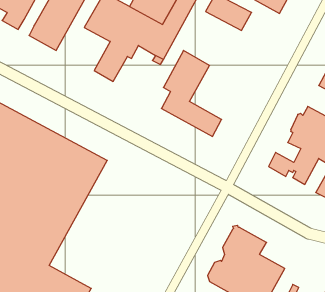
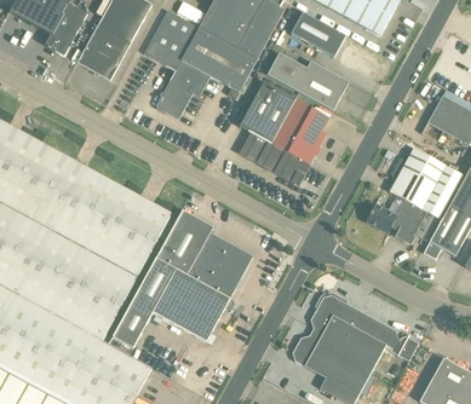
building: none -> [266,52,347,110]
building: none -> [270,98,328,163]
building: none -> [111,208,252,347]
building: none -> [355,312,418,359]

